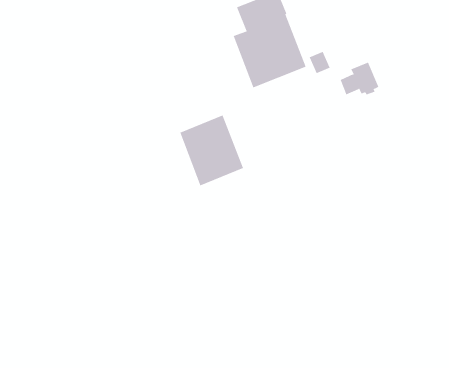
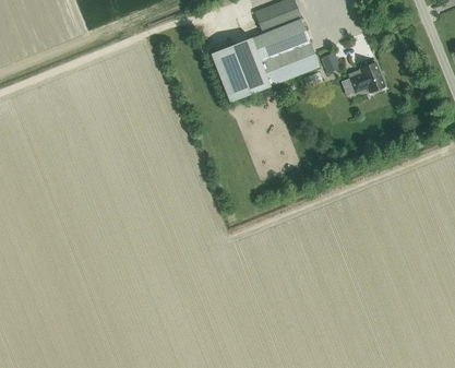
building: [180,115,244,186] -> [211,36,270,102]

